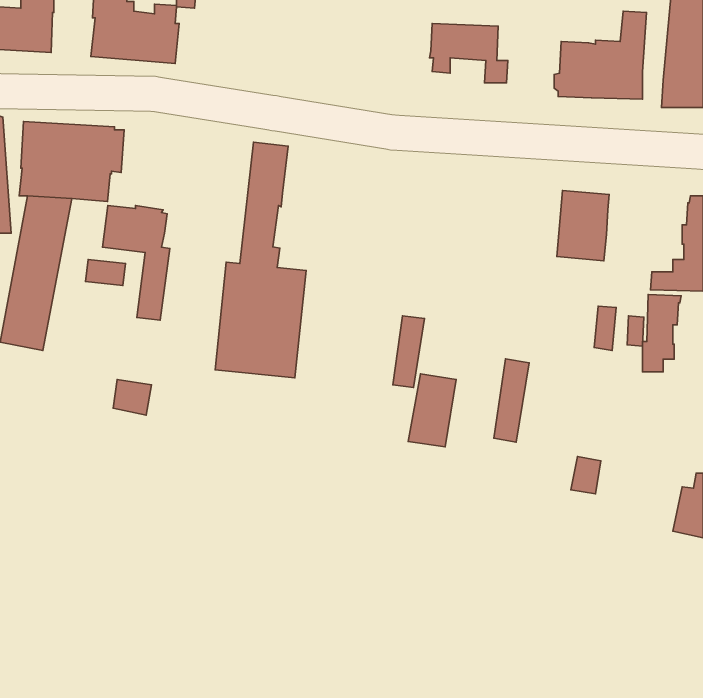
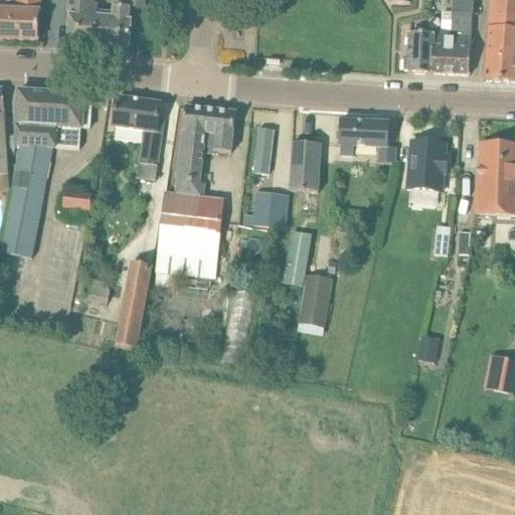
building: [429,23,508,83] -> [338,118,395,161]
building: none -> [205,107,235,151]
building: none -> [252,126,274,172]
building: none -> [290,140,320,208]
building: [102,206,170,320] -> [113,95,162,178]
building: none -> [242,189,289,227]
building: [643,294,681,372] -> [476,142,504,198]
building: none -> [116,262,150,347]
building: [494,359,529,442] -> none

